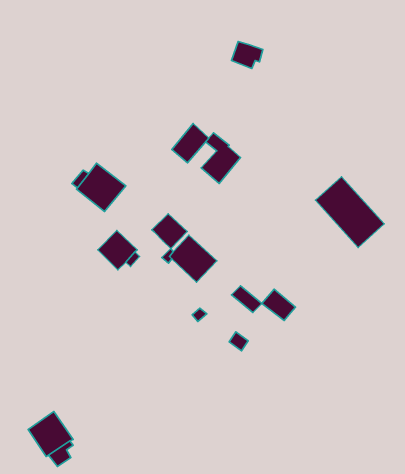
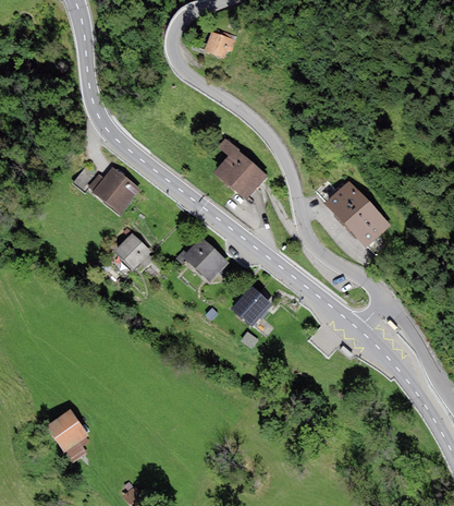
building: [232,42,263,68] -> [205,32,235,58]
building: [172,124,209,163] -> [231,161,267,200]
building: [152,214,187,249] -> none
building: [262,289,295,321] -> [231,294,263,325]

